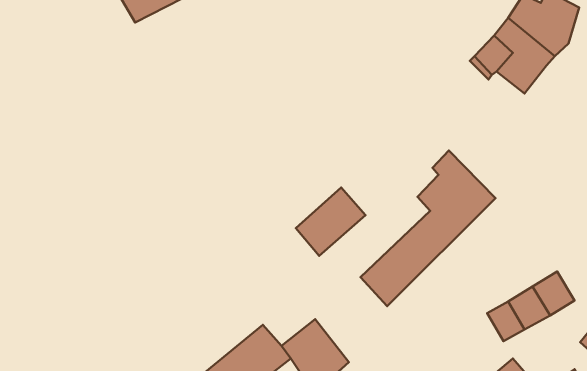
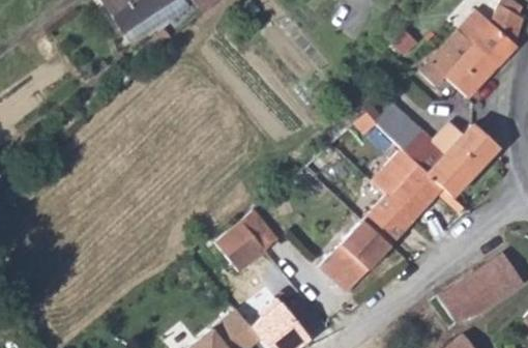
building: none -> [372,102,493,199]
building: [296,187,366,256] -> [215,220,277,281]

